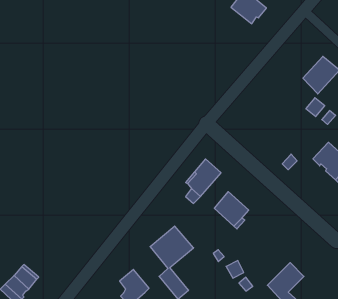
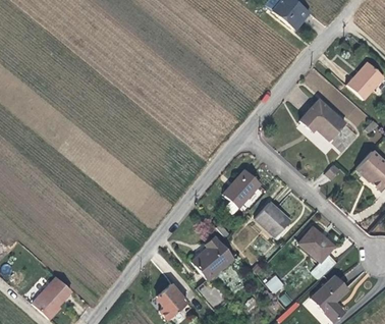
building: none -> [299,99,358,151]
building: none -> [298,226,335,278]

